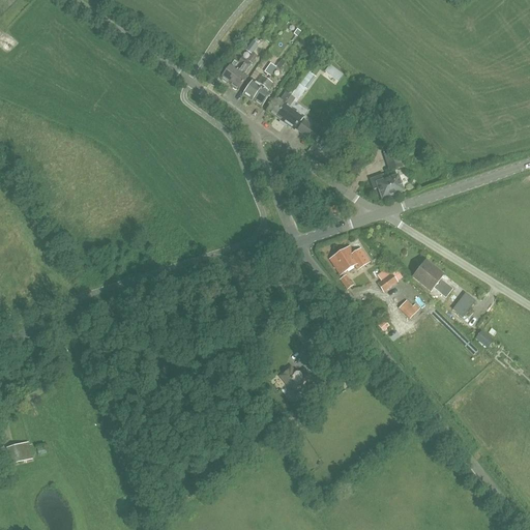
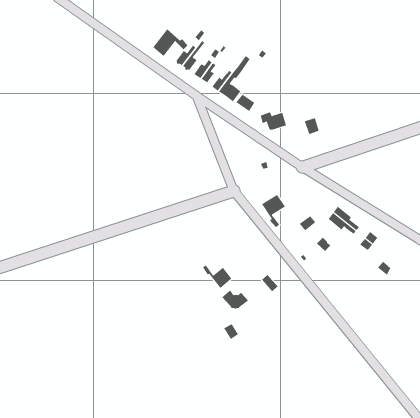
building: none -> [153,29,188,57]
building: [369,172,403,196] -> [260,111,287,130]
building: none -> [202,265,232,289]

